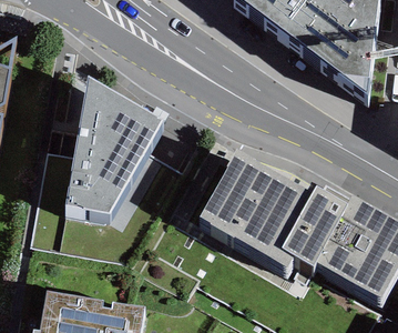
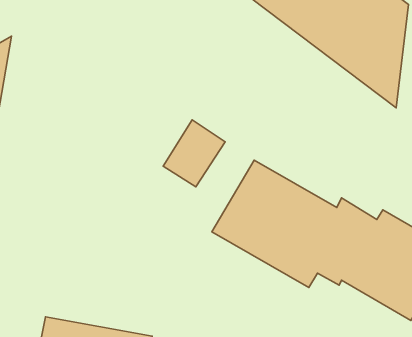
building: [65,77,163,215] -> none

